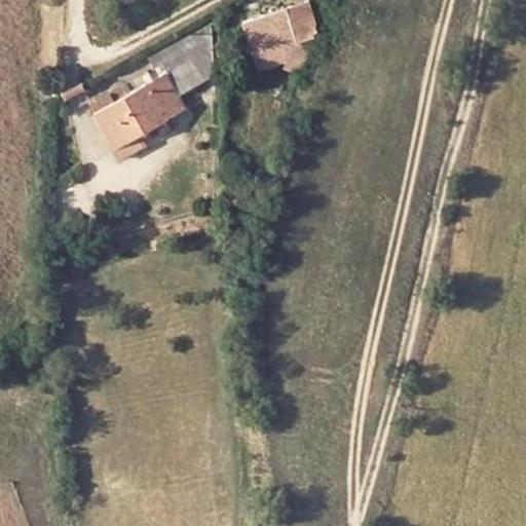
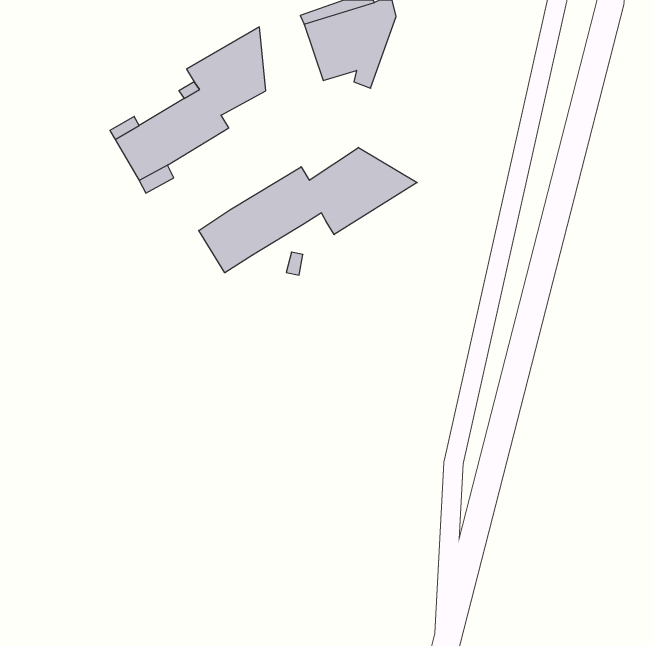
building: none -> [199,147,417,273]

